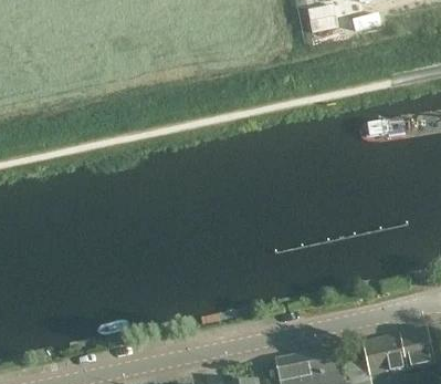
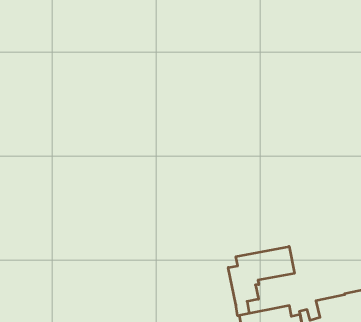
building: none -> [228,246,294,316]

